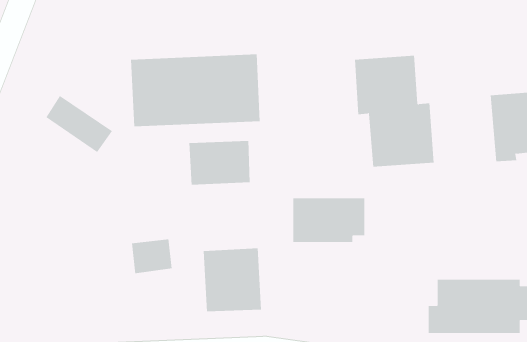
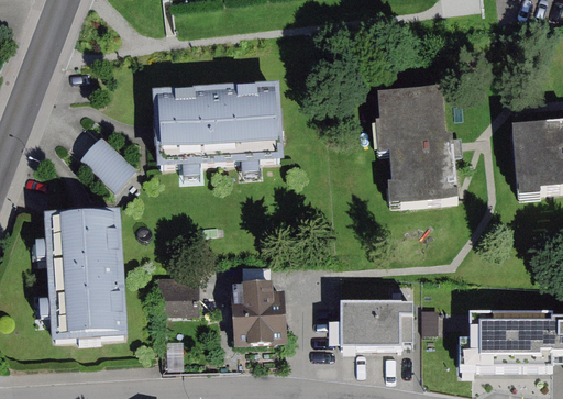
building: [189,140,250,185] -> none
building: none -> [42,214,125,344]
building: [292,198,365,242] -> [335,302,409,347]

